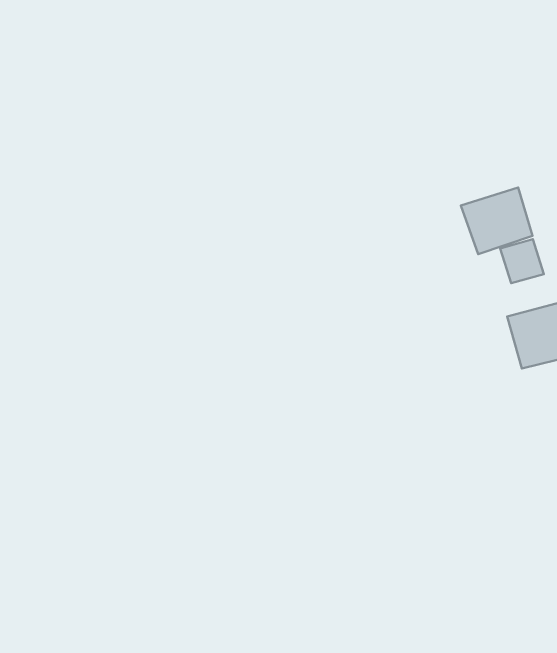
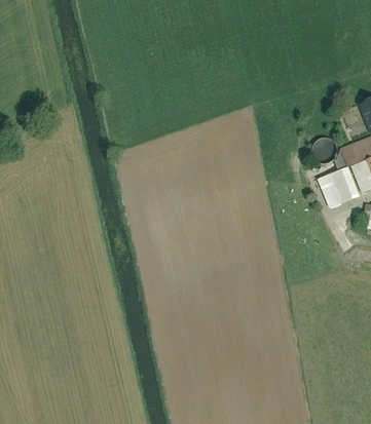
building: [461,187,532,254] -> none

